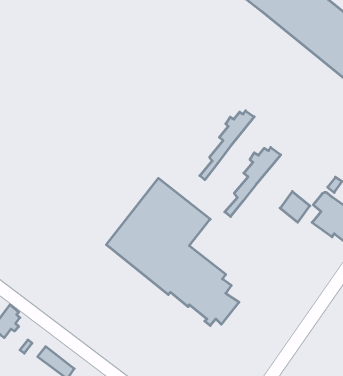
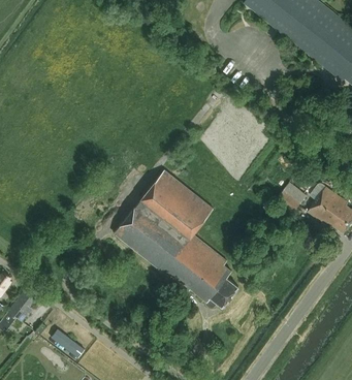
building: [200,111,254,180] -> none
building: [225,147,281,217] -> none

